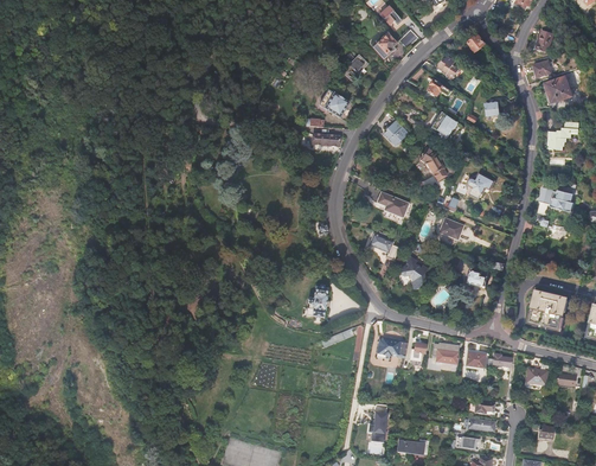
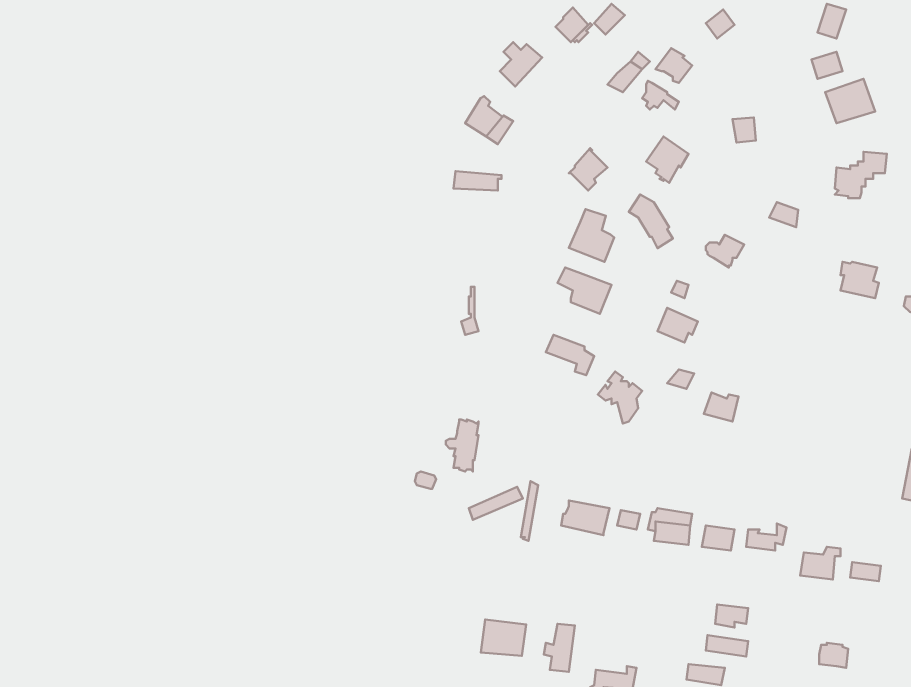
building: none -> [569,209,614,262]
building: [528,291,565,327] -> none
building: none -> [481,619,526,656]

